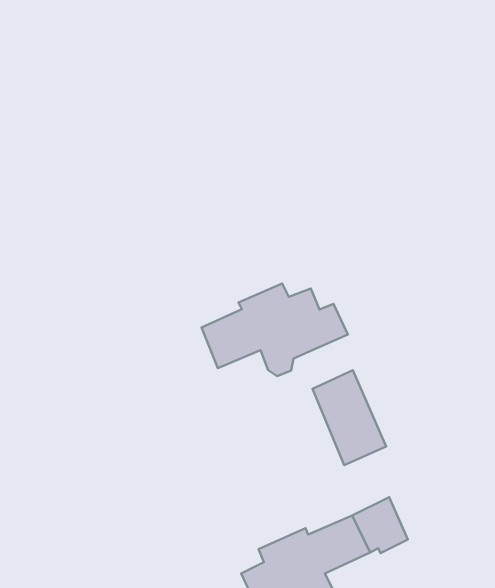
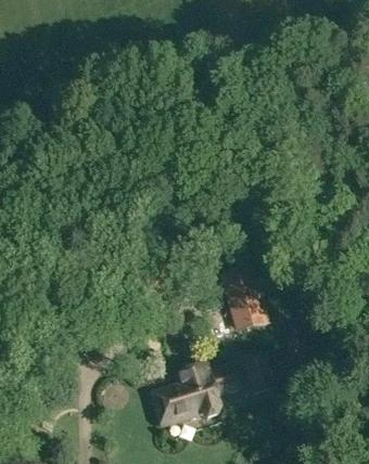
building: [202,283,348,376] -> none

